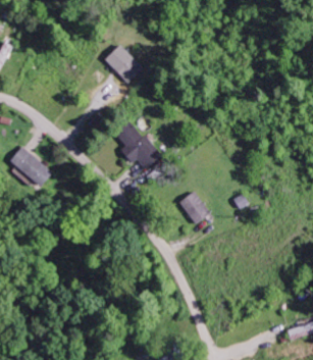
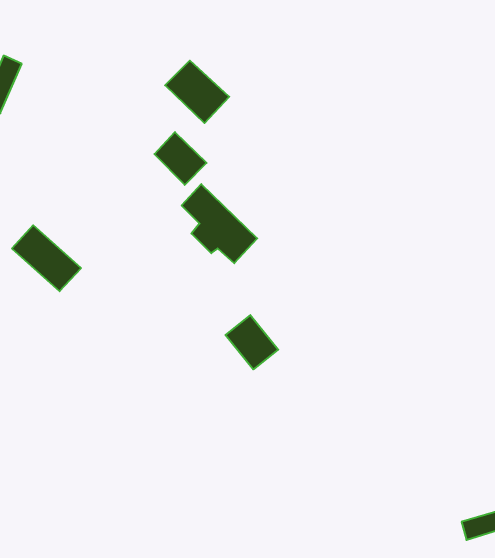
building: none -> [154,132,207,185]
building: [179,191,212,224] -> [225,315,278,369]

